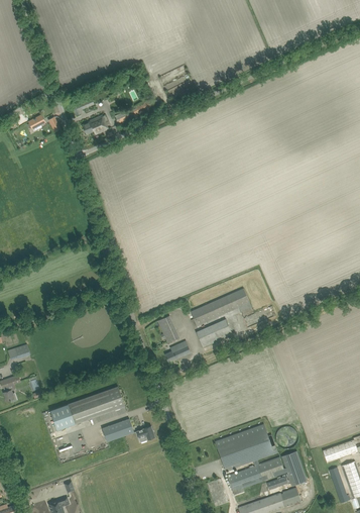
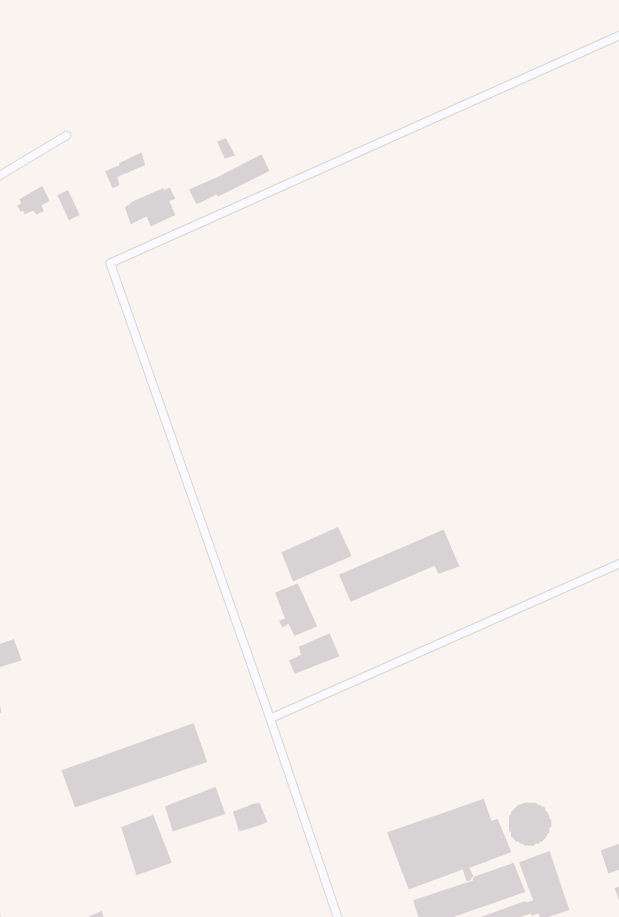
building: [196,319,232,347] -> [280,526,352,582]
building: none -> [121,814,173,876]

